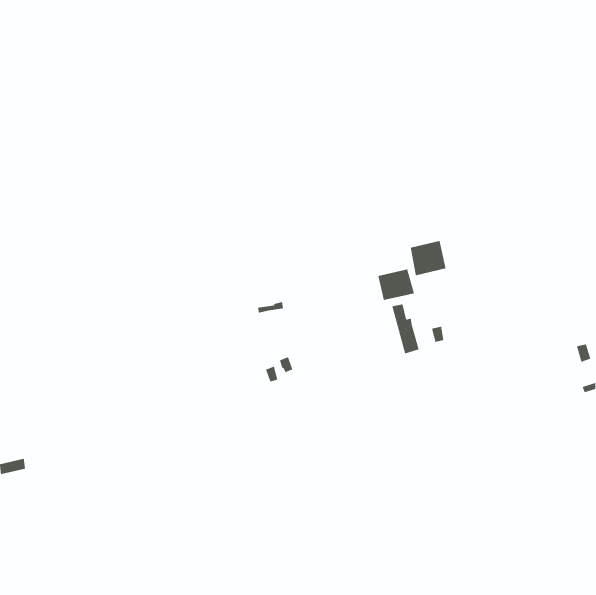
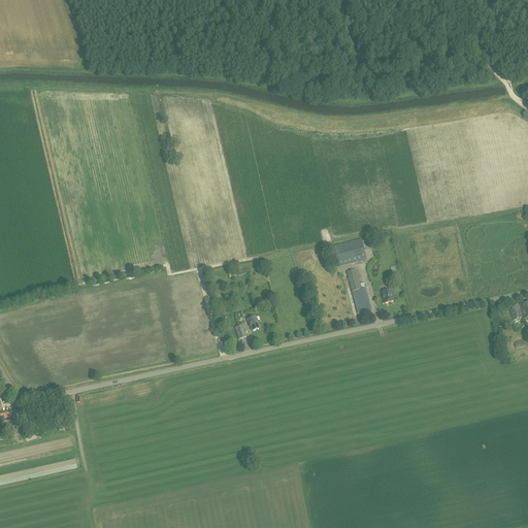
building: [410,240,446,276] -> none

